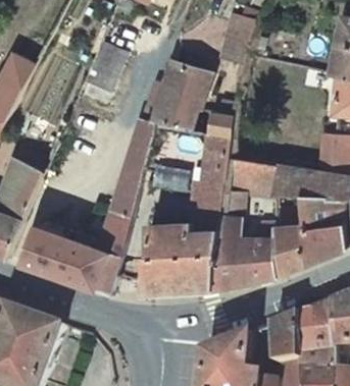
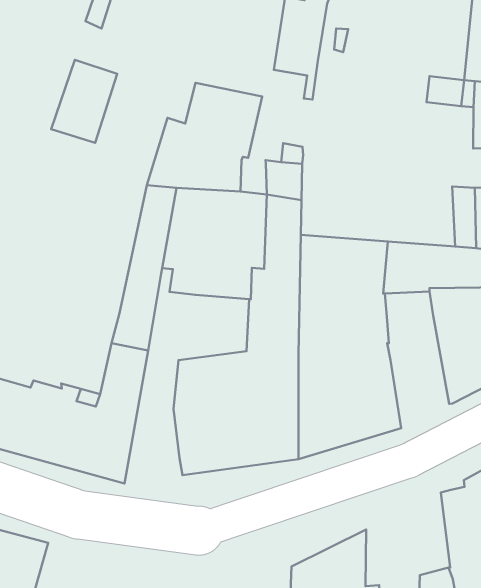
building: [274,209,308,274] -> none
building: [273,314,301,363] -> none

